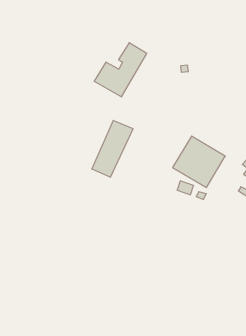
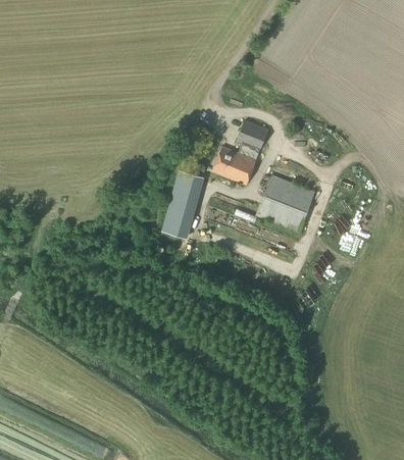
building: [94,43,147,97] -> [212,120,268,185]

